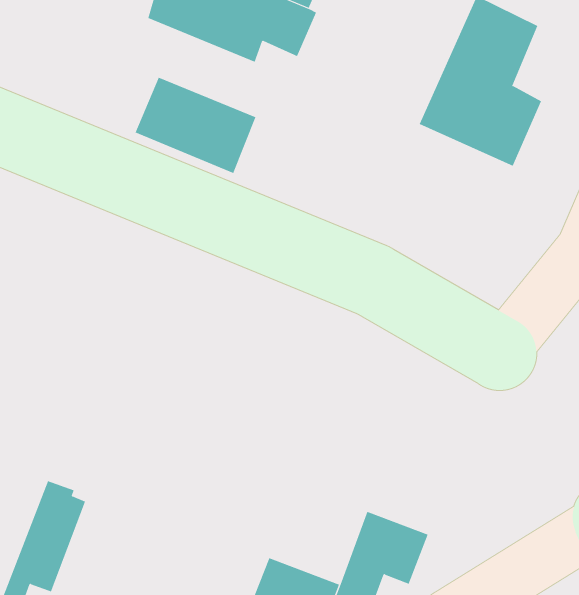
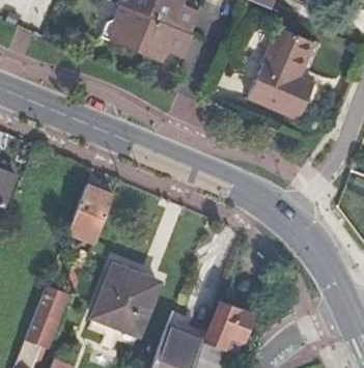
building: [135,77,256,174] -> none
building: none -> [68,187,114,243]
building: none -> [94,267,159,336]

